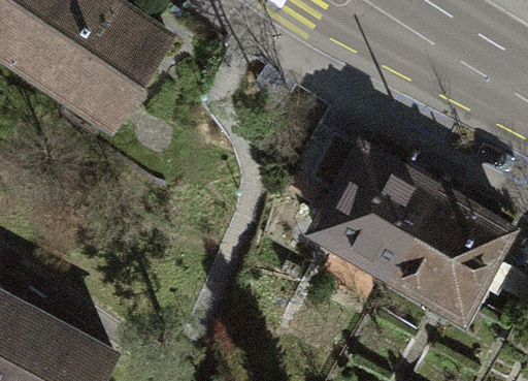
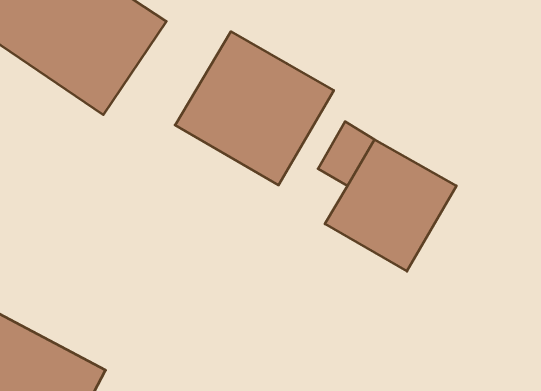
building: none -> [175,32,334,185]
building: [391,190,507,310] -> none

